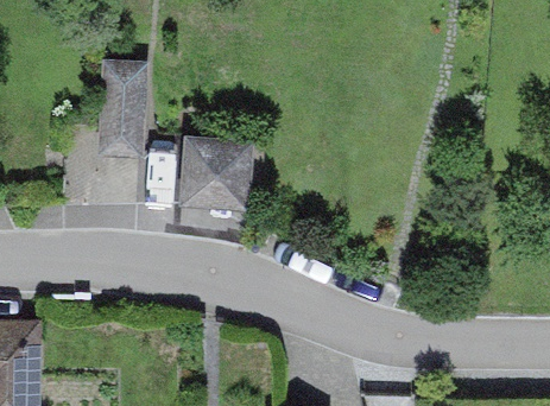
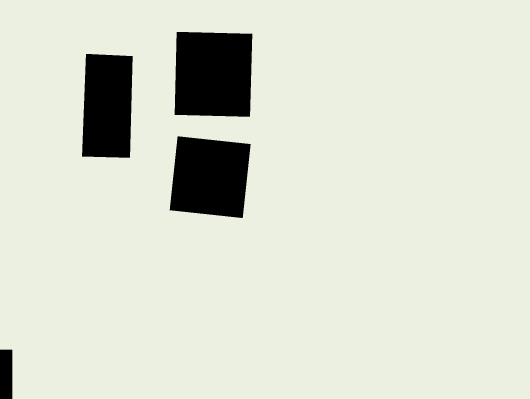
building: none -> [174,31,253,117]

